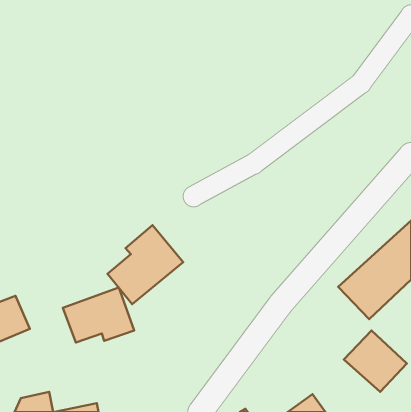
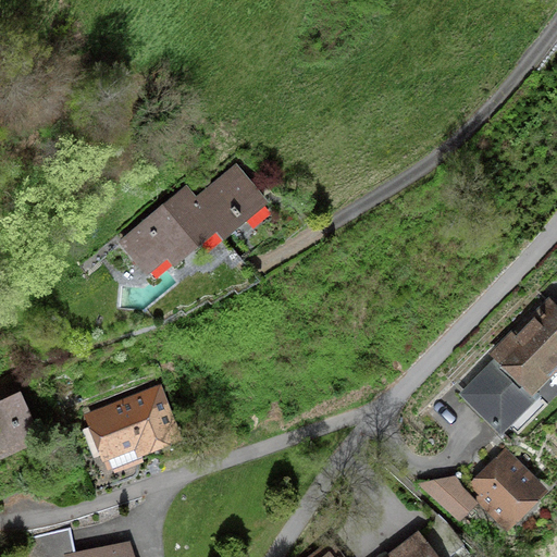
building: none -> [120,166,272,281]
building: [108,225,183,304] -> none
building: none -> [419,475,480,521]

